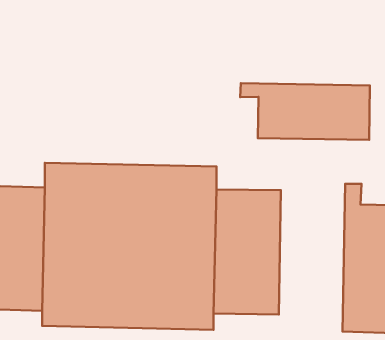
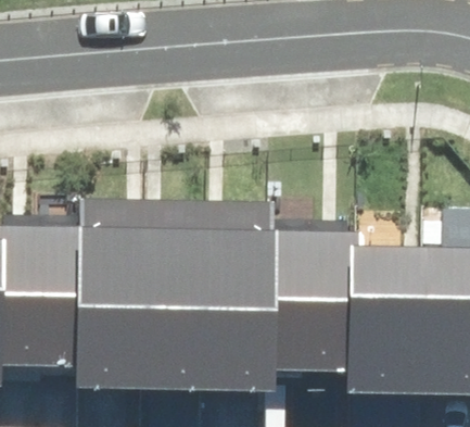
building: [240,83,370,140] -> none
building: none -> [346,223,423,393]

